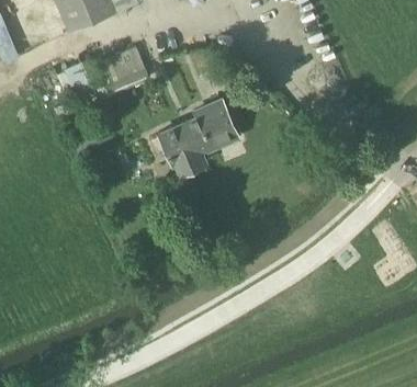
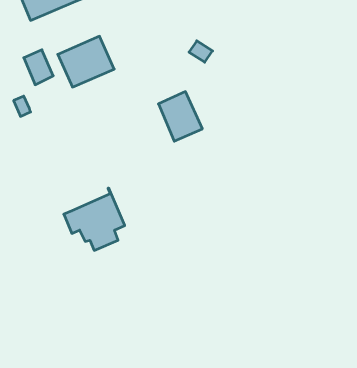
building: [150,114,210,174] -> [64,188,125,250]

